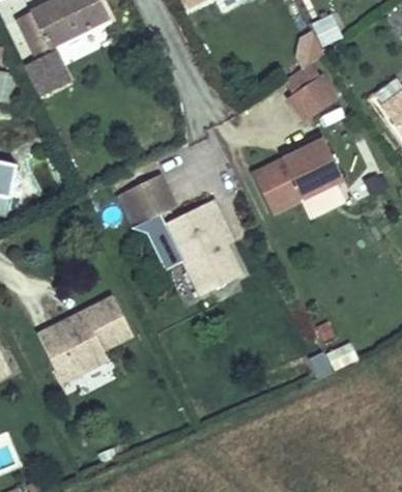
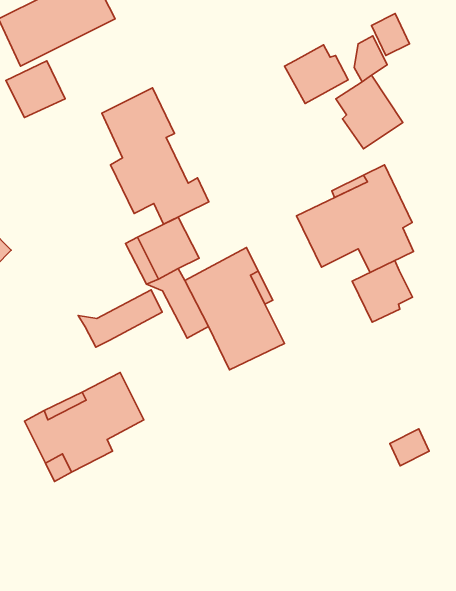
building: none -> [285,45,348,104]
building: none -> [102,88,209,224]
building: none -> [352,261,413,322]
building: none -> [78,290,162,347]

